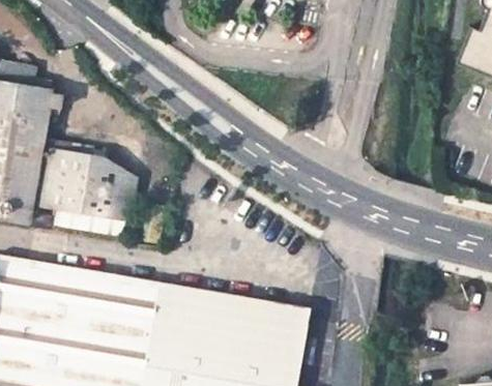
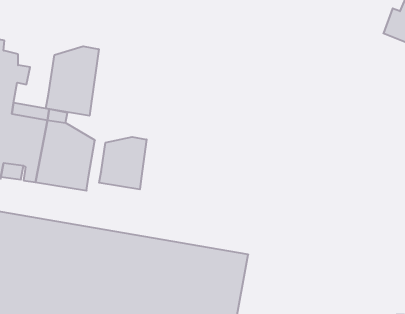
building: none -> [46,46,99,116]
building: none -> [99,137,147,189]

